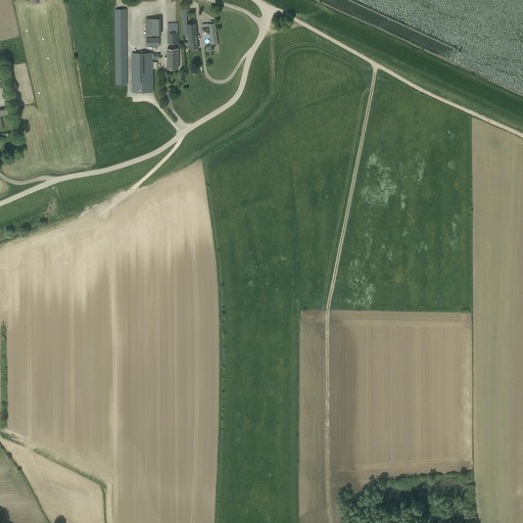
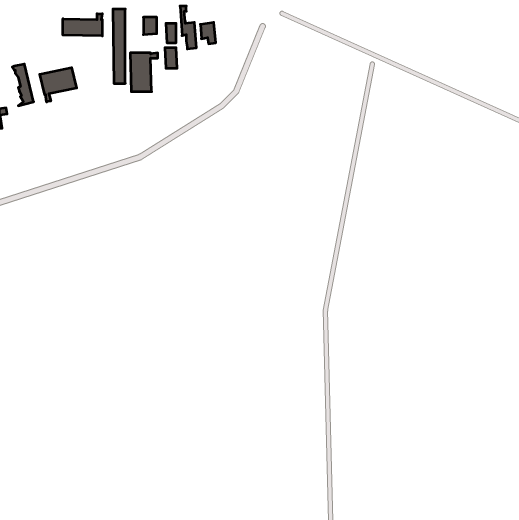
building: none -> [63,14,102,36]
building: none -> [40,68,77,102]

